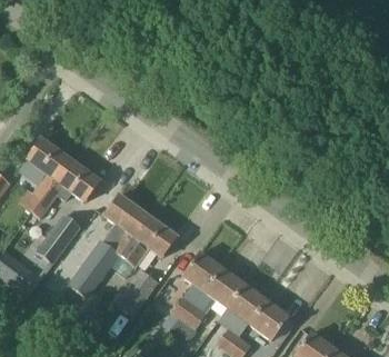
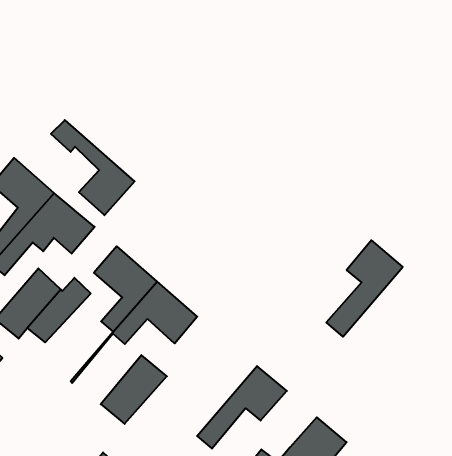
building: none -> [51,120,135,215]
building: [77,241,119,289] -> none
building: [171,251,221,320] -> [326,240,403,337]
building: [227,284,266,323] -> none

